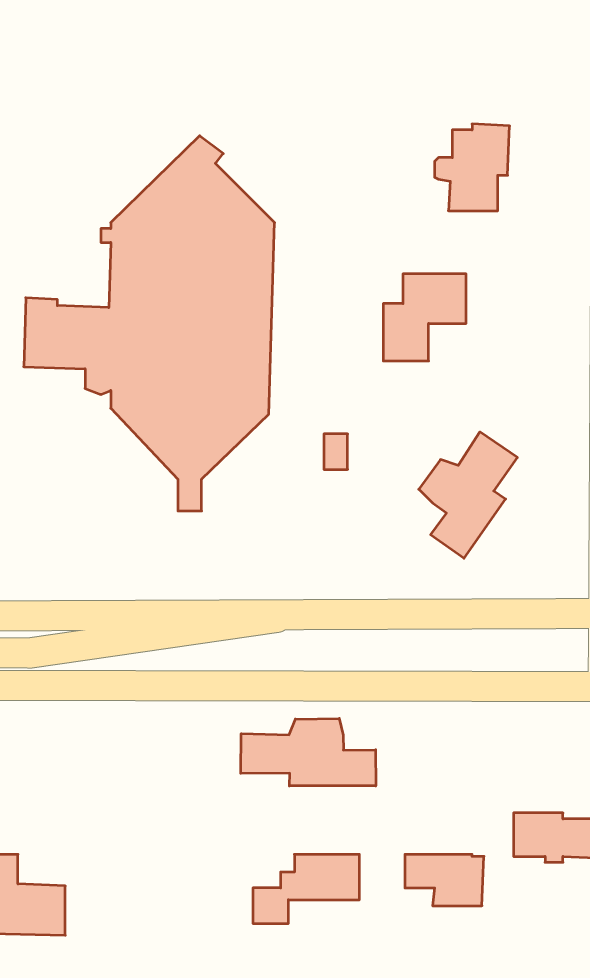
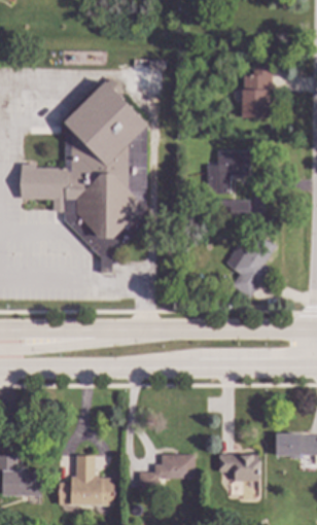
building: none -> [217,200,249,222]
building: [241,718,376,786] -> none
building: none -> [59,453,114,504]

